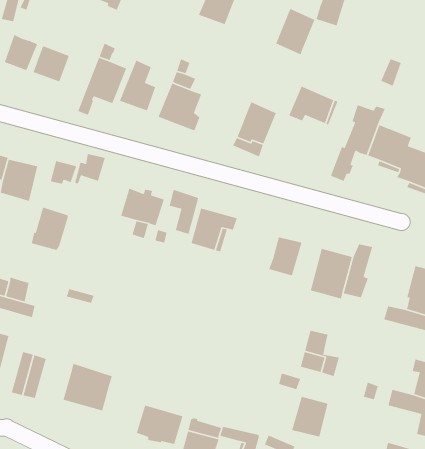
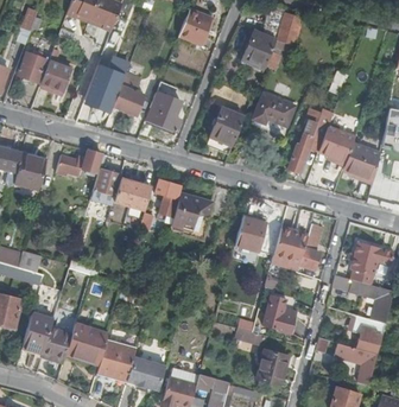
building: [31,206,68,251] -> [90,168,121,205]
building: none -> [43,323,74,361]
building: none -> [97,341,135,382]

